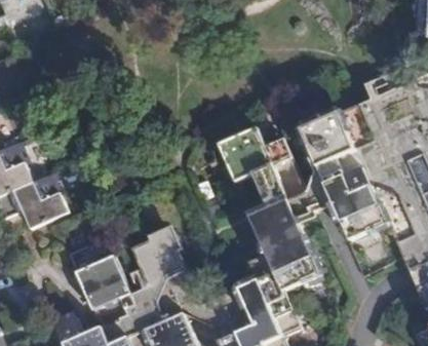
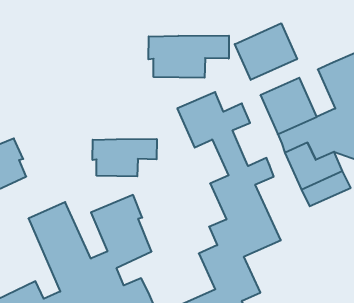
building: none -> [235,23,297,80]
building: none -> [148,36,229,78]
building: none -> [93,139,157,176]

